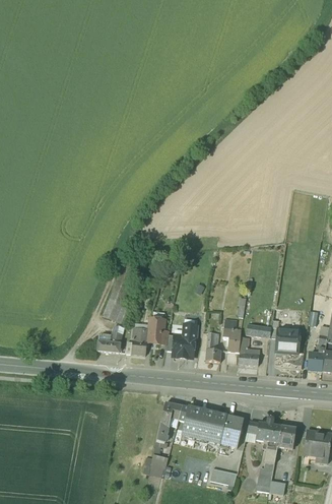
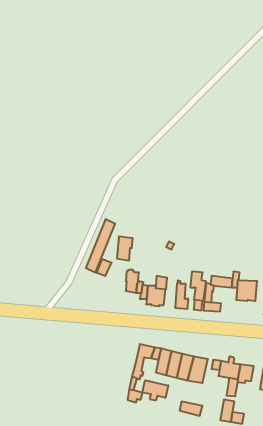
building: [131,328,149,356] -> [117,236,133,260]
building: [96,331,122,353] -> none
building: none -> [142,380,168,400]

